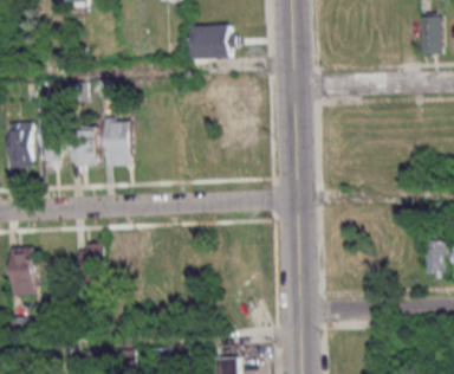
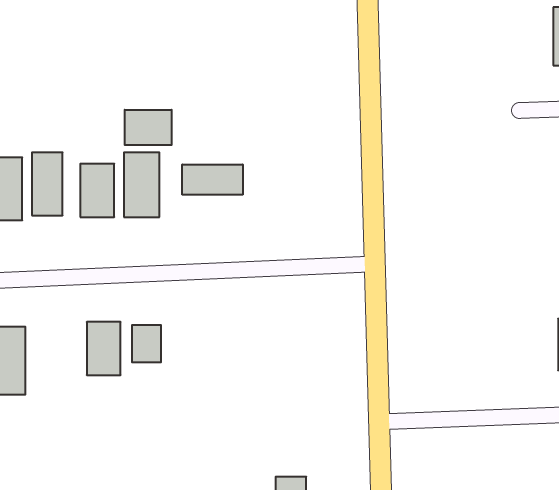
building: [184,30,226,58] -> none
building: none -> [125,110,172,145]
building: none -> [182,164,243,195]

